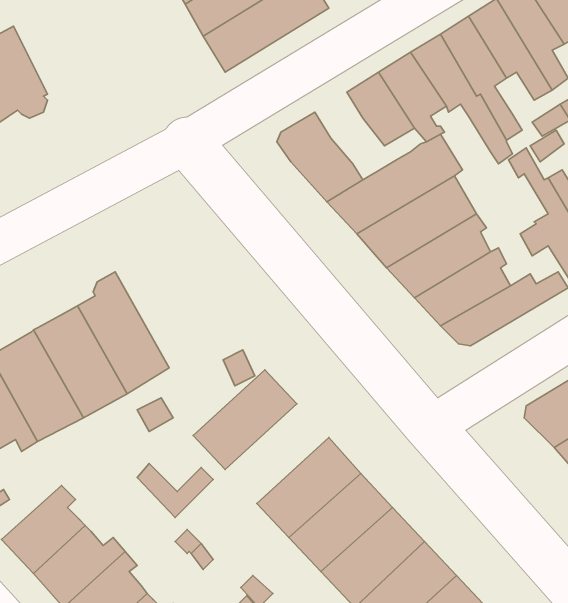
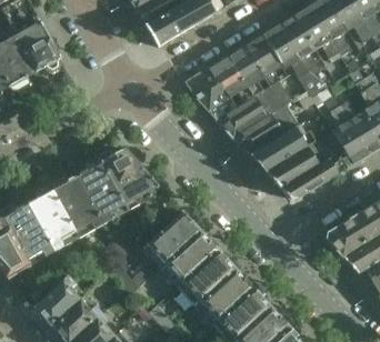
building: none -> [209,57,254,101]
building: none -> [98,149,159,210]
building: none -> [139,230,217,309]

